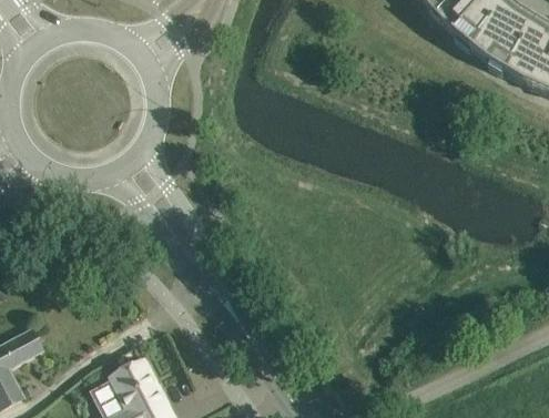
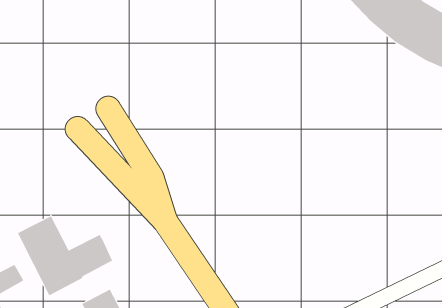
building: none -> [17,215,113,296]

